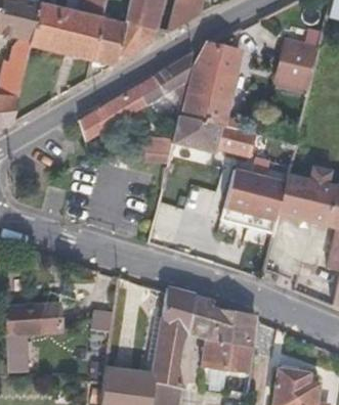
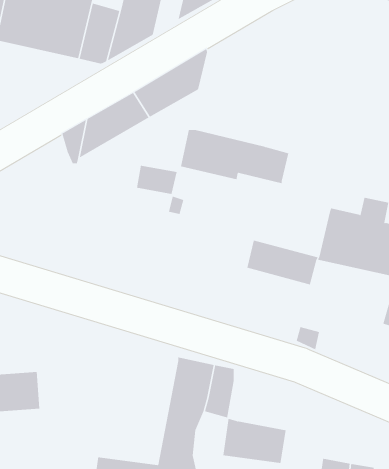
building: [276,40,317,92] -> none
building: [181,47,239,129] -> none
building: [226,167,285,214] -> none
building: [207,300,257,347] -> none

